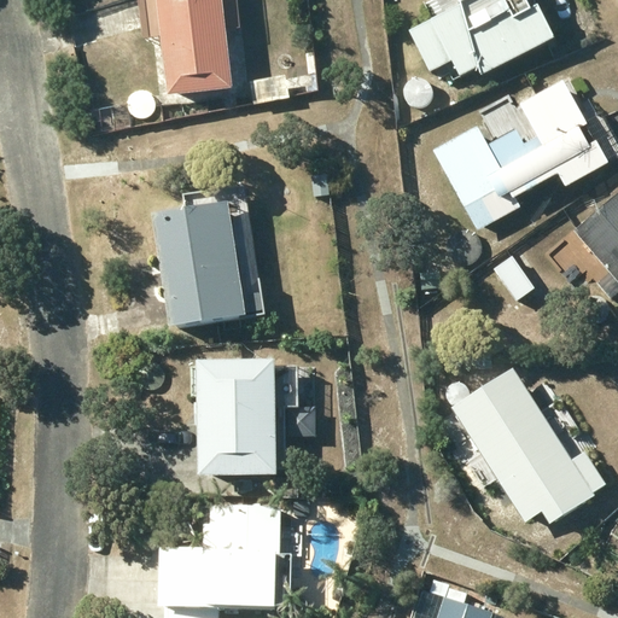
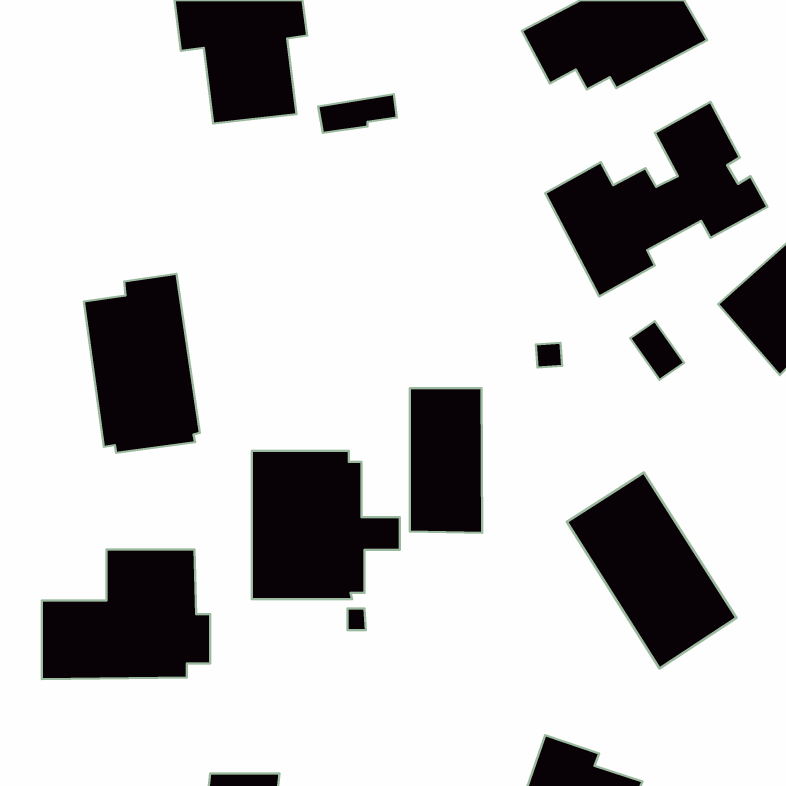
building: [154,186,245,326] -> [84,274,200,453]
building: none -> [410,388,482,533]
building: [161,501,292,602] -> [42,549,210,679]

